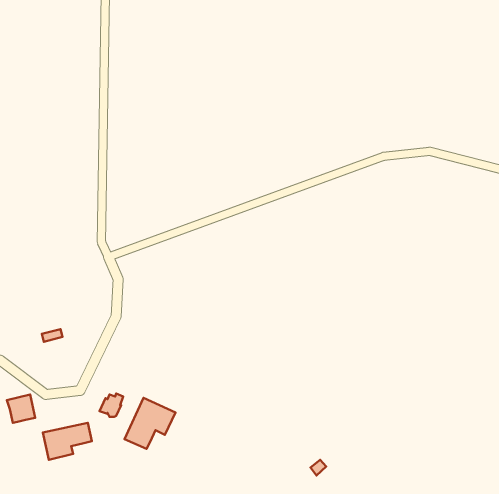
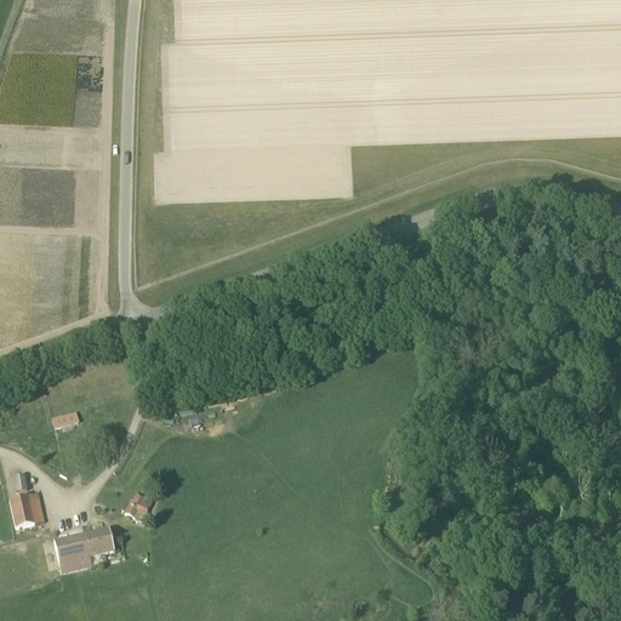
building: [125,398,176,449] -> none

